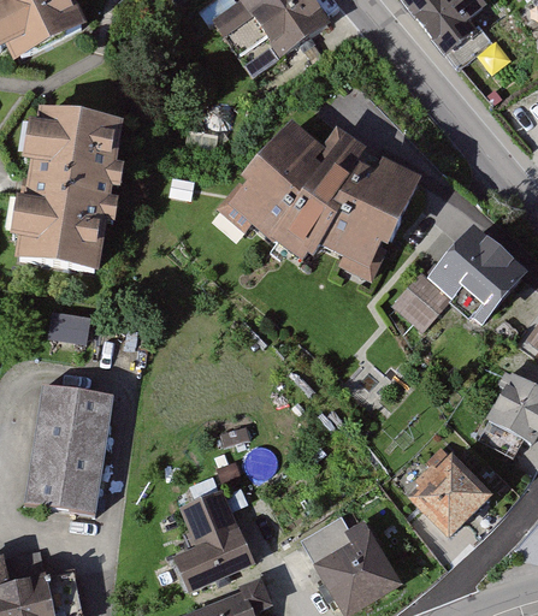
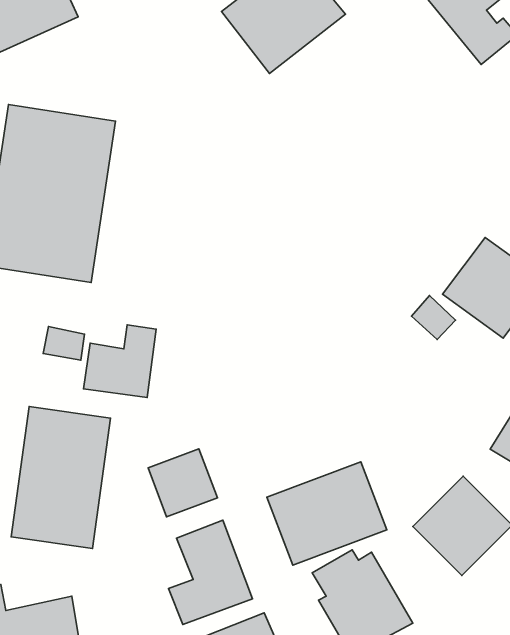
building: [221,119,418,283] -> none
building: none -> [84,325,156,398]
building: none -> [148,449,217,517]
building: none -> [267,462,387,565]

